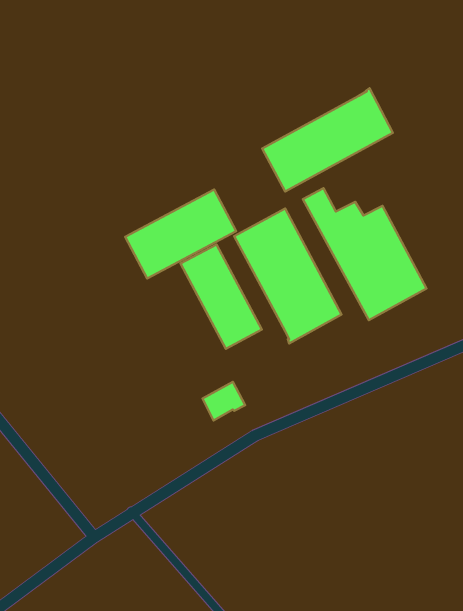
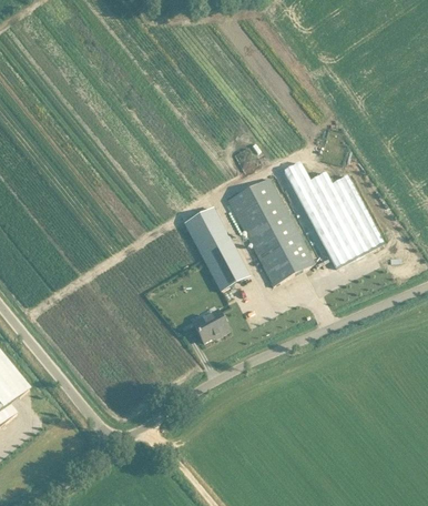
building: [262,88,393,192] -> none
building: [125,189,236,278] -> none

